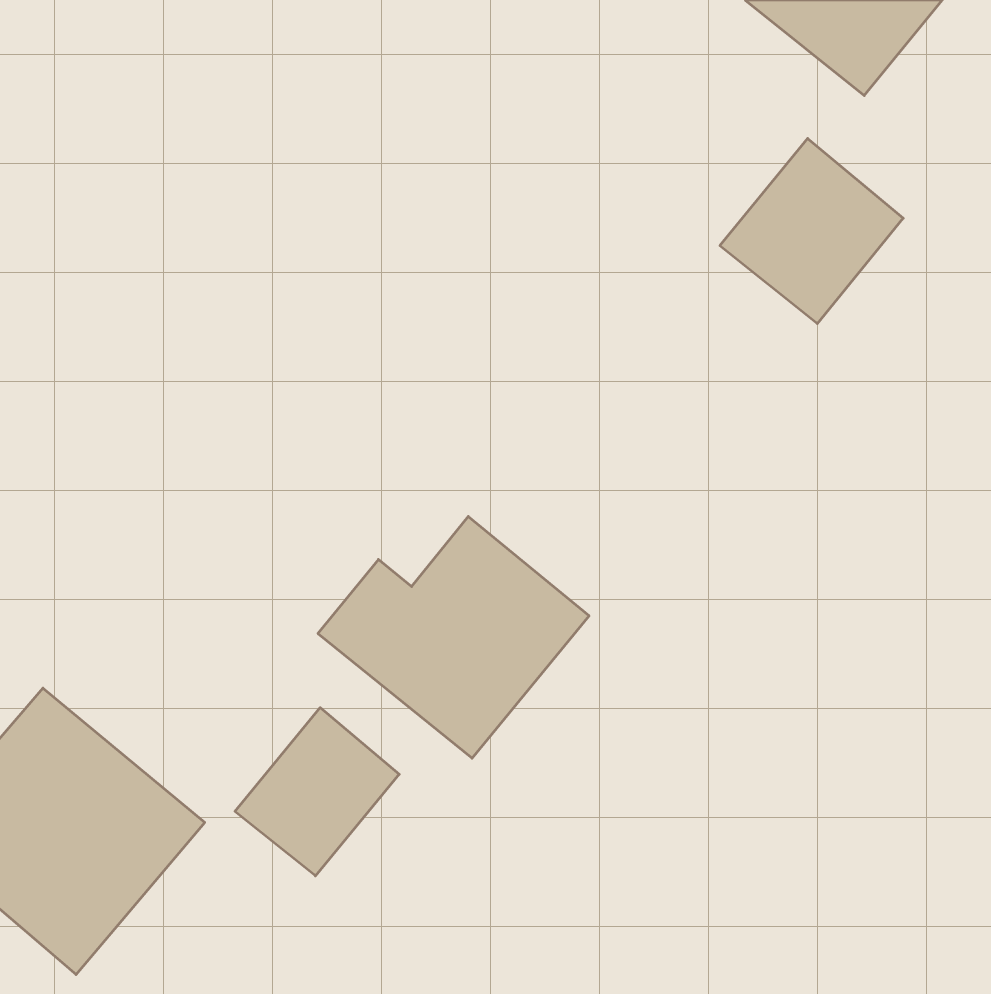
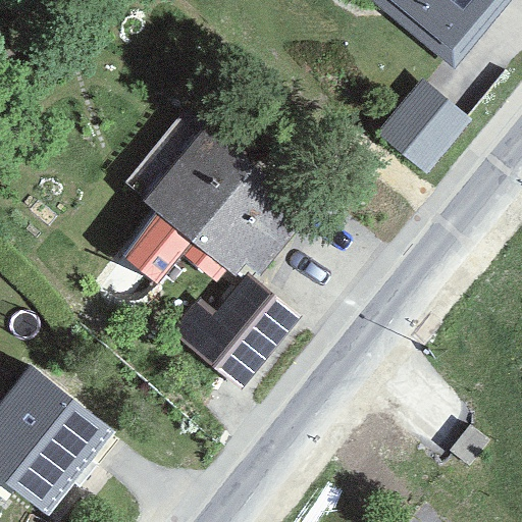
building: none -> [142,124,296,282]
building: [235,708,399,876] -> none

